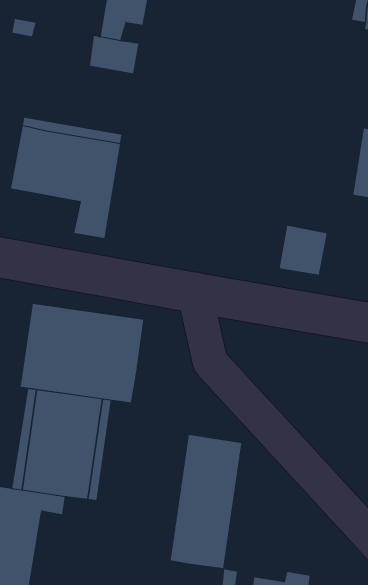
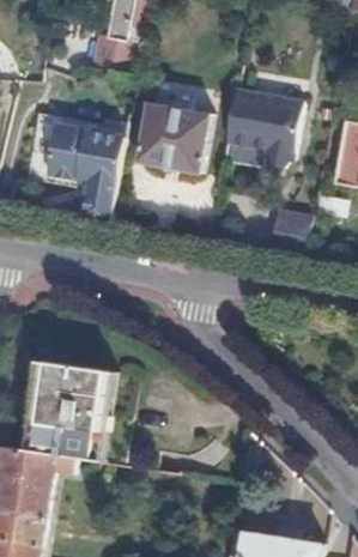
building: none -> [225,90,303,169]
building: none -> [138,102,211,174]
building: [20,303,144,403] -> none
building: [170,434,242,569] -> none

